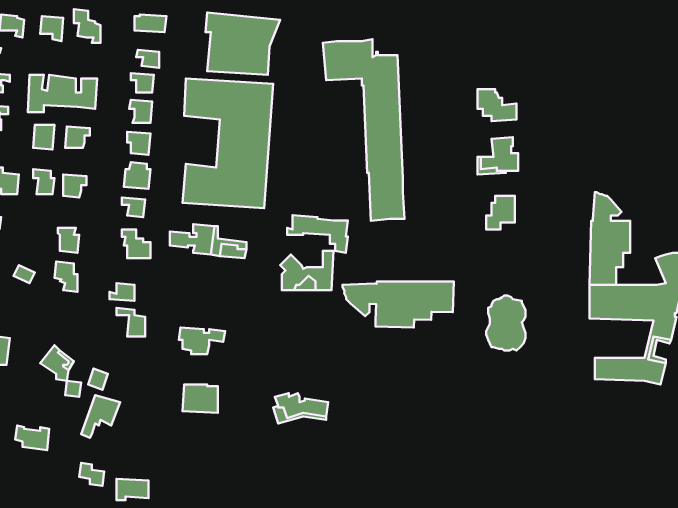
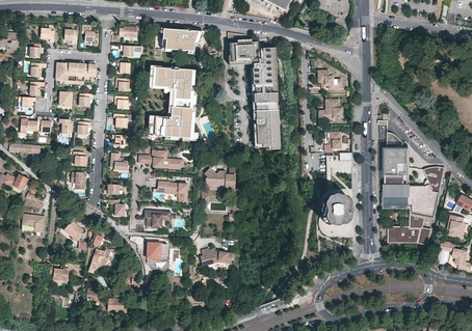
building: [287,215,348,253] -> [153,181,188,202]
building: [342,282,454,328] -> none
building: none -> [384,185,426,245]

